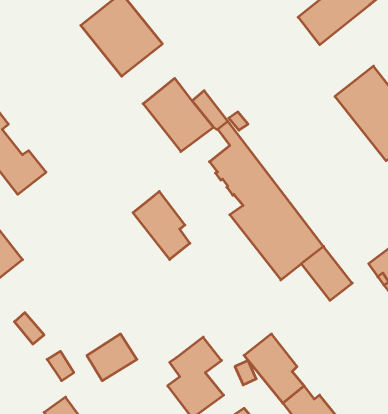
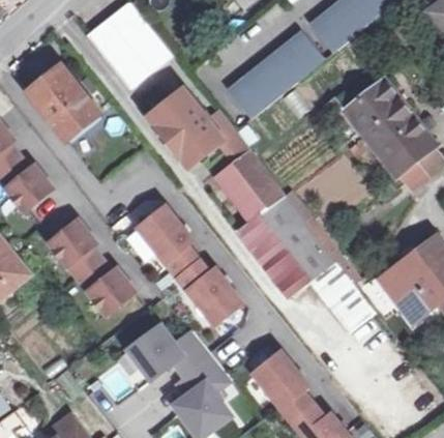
building: none -> [224,34,321,121]
building: none -> [28,65,99,140]
building: none -> [48,218,132,312]
building: none -> [176,258,240,322]
building: none -> [127,324,210,378]

